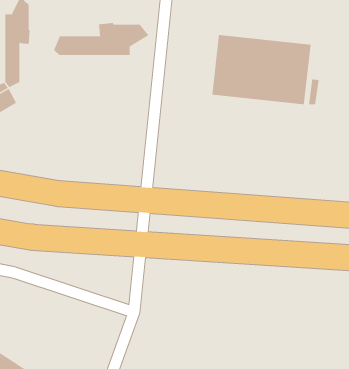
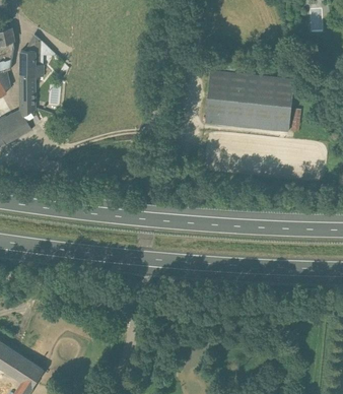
building: [54,22,149,56] -> none

